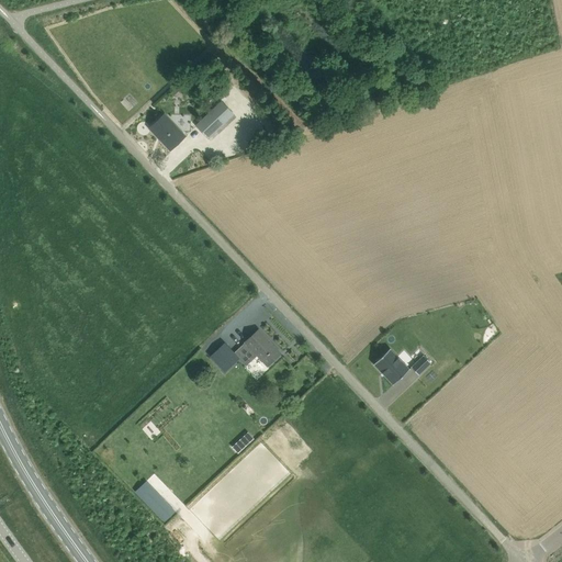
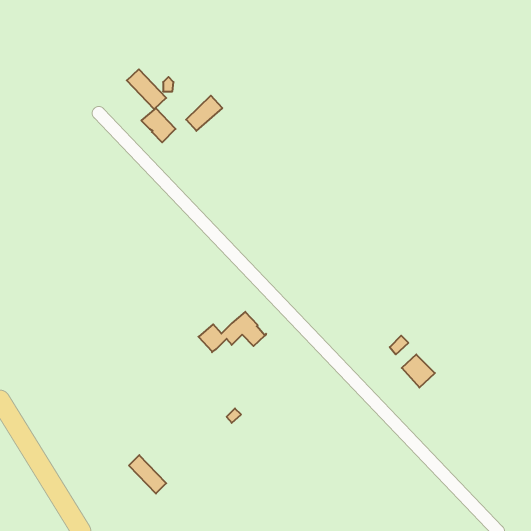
building: none -> [127,69,166,109]
building: [374,349,409,384] -> [402,354,435,388]

